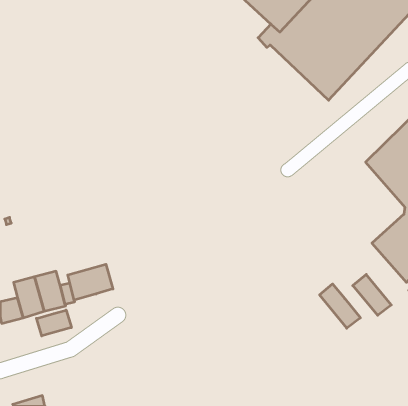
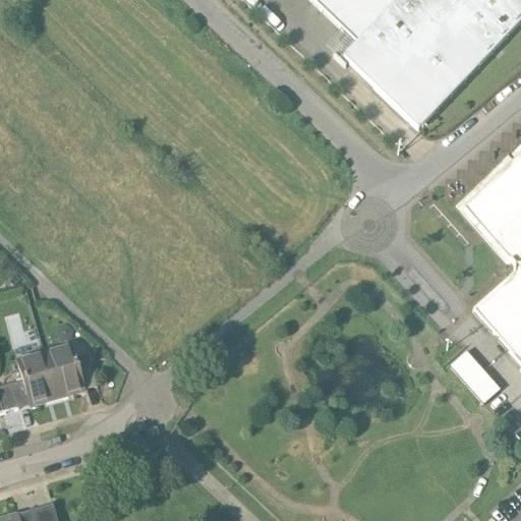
building: [68,264,113,300] -> none
building: [320,284,360,328] -> none
building: [36,310,71,336] -> none

